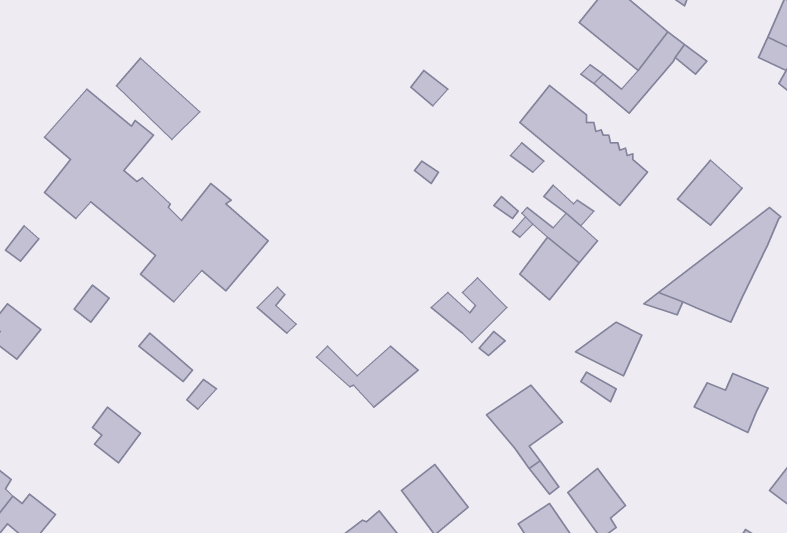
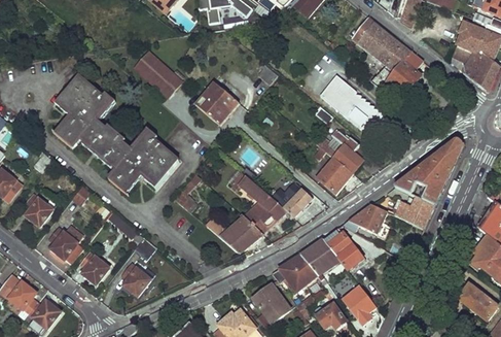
building: [116,58,200,139] -> [135,50,181,96]
building: none -> [195,81,240,124]
building: [677,160,742,225] -> [385,59,421,95]
building: none -> [229,170,286,231]
building: none -> [48,228,76,257]
building: none -> [324,228,363,269]
building: [694,373,768,433] -> [394,196,435,229]
building: none -> [272,256,315,292]
building: none -> [121,264,149,295]

